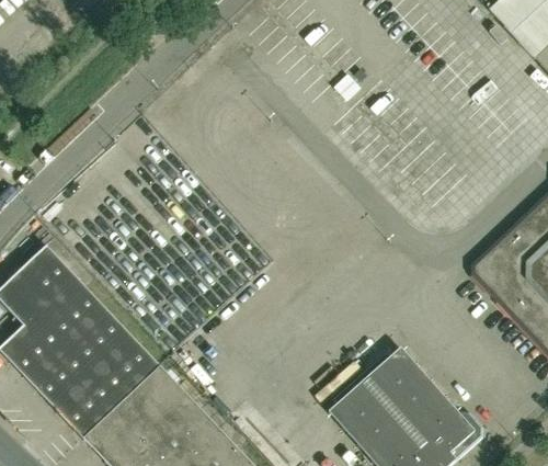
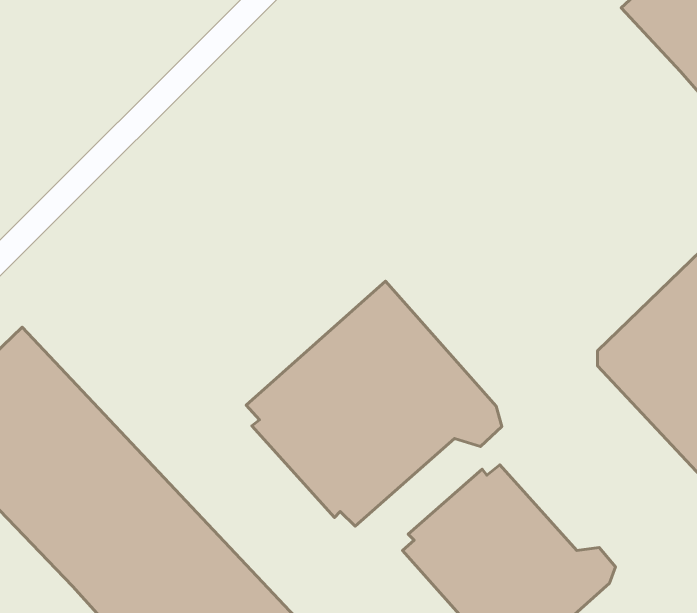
building: none -> [246,281,502,526]

